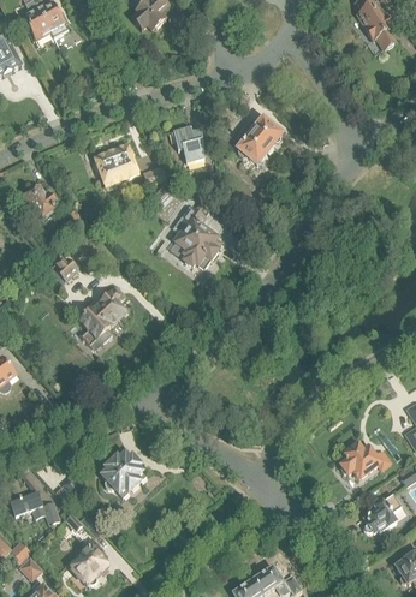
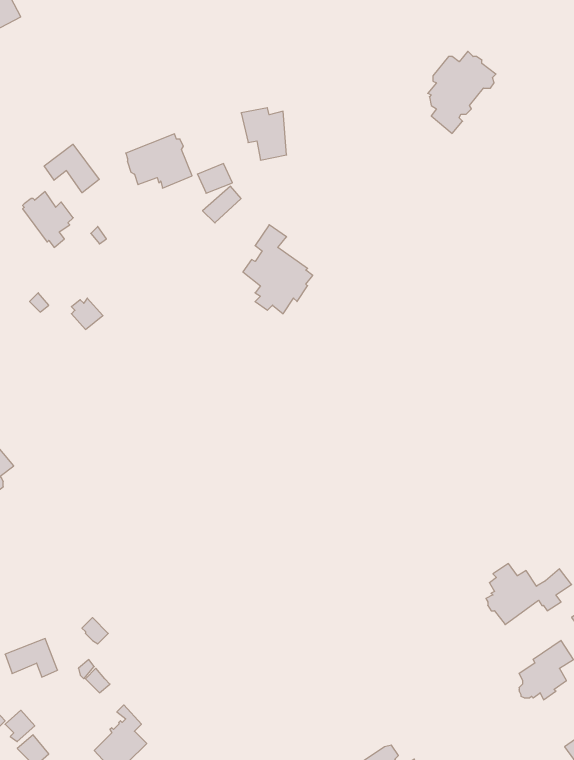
building: [234,118,281,174] -> [428,51,496,133]
building: none -> [44,144,99,193]
building: [79,286,125,348] -> none
building: [101,453,147,497] -> none

